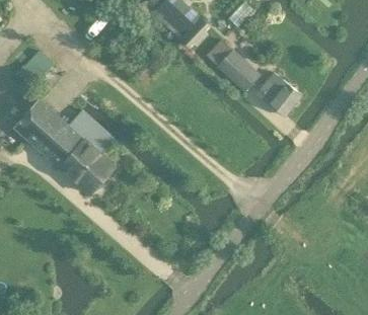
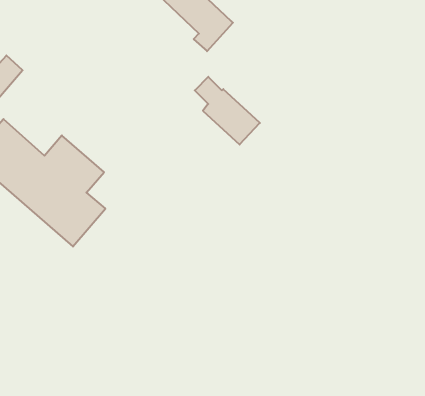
building: [211,40,260,90] -> [195,77,260,145]
building: [256,72,301,115] -> none

